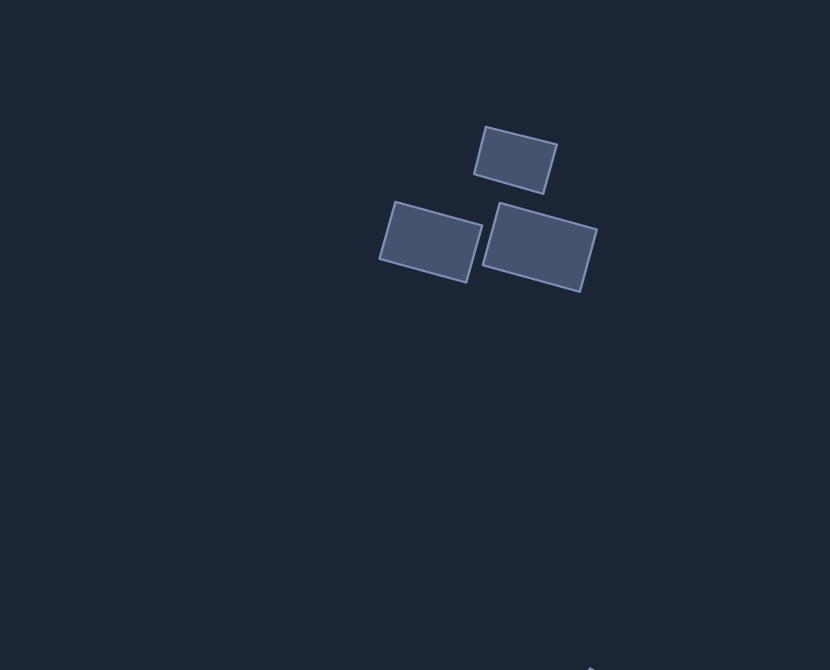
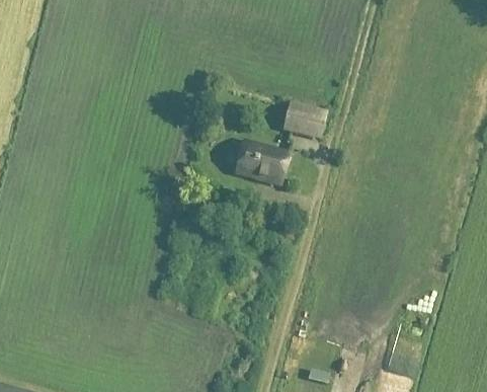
building: [483,203,597,292] -> none

